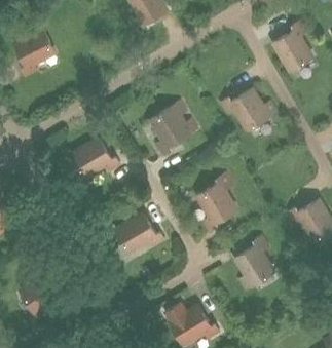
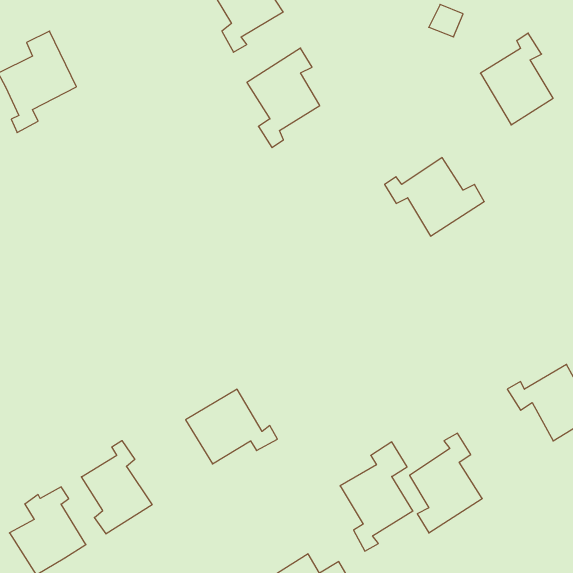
building: [150,102,189,155] -> [247,48,320,148]
building: [70,138,119,178] -> none
building: [196,172,235,231] -> [340,442,413,551]
building: none -> [81,441,152,534]

